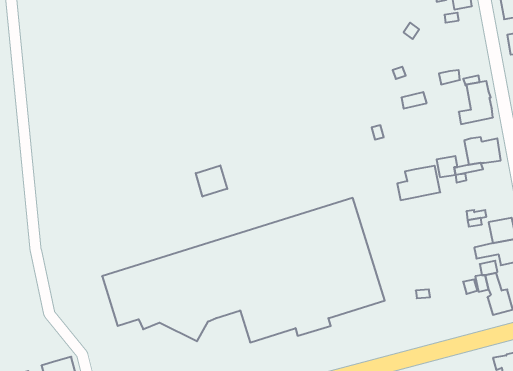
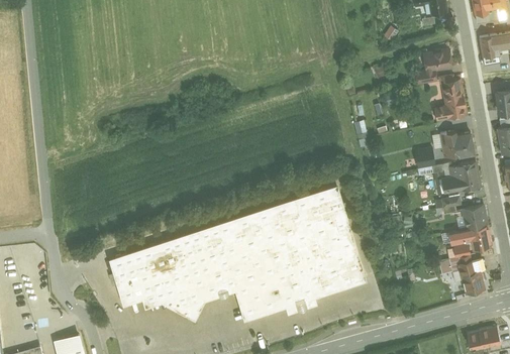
building: none -> [423,49,450,70]
building: [196,165,227,197] -> none
building: [397,166,440,200] -> [440,160,480,192]

